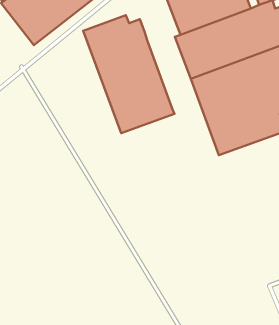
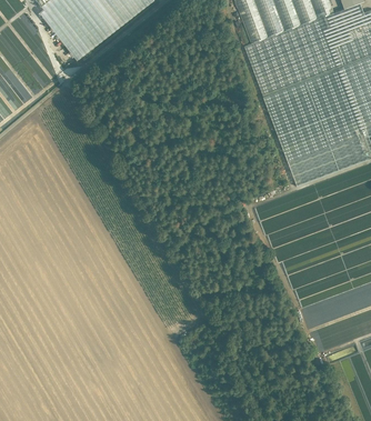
building: [83,15,174,133] -> none

